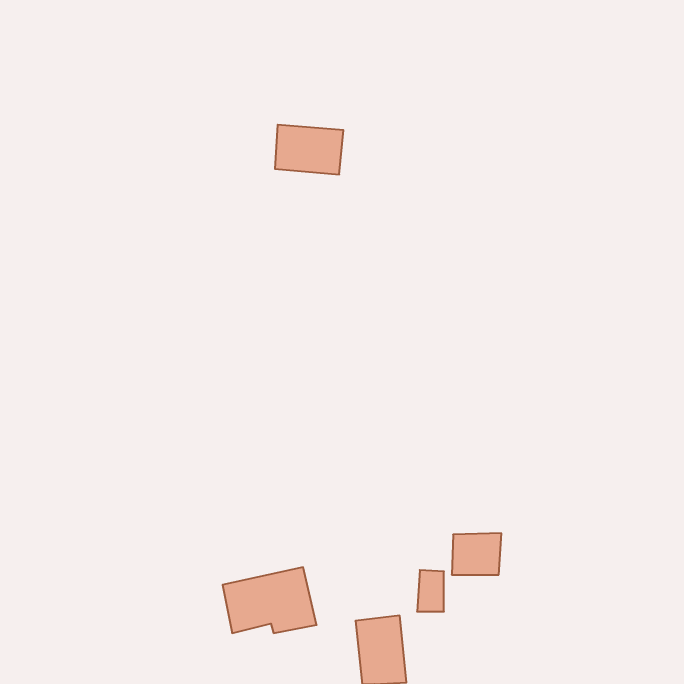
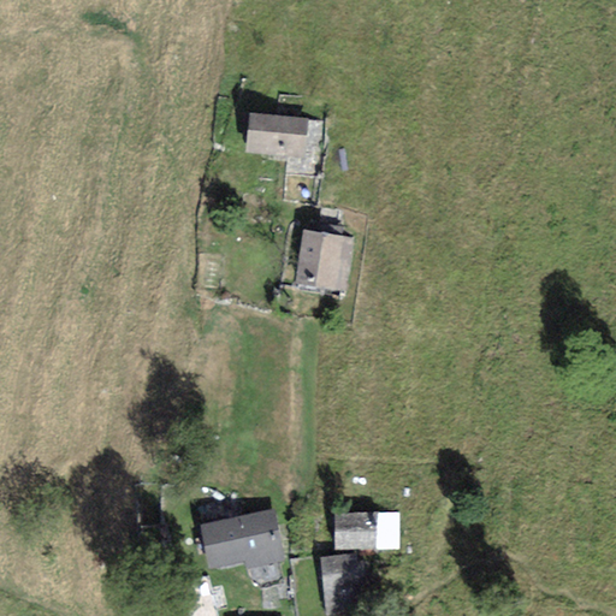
building: none -> [296,230,354,290]
building: [452,533,501,575] -> [333,511,378,549]

